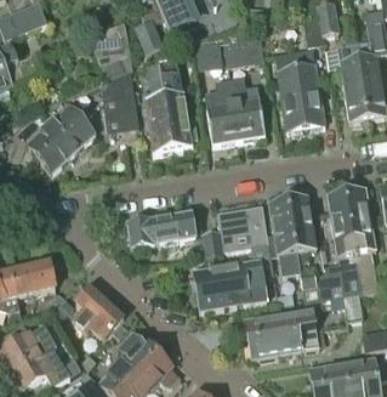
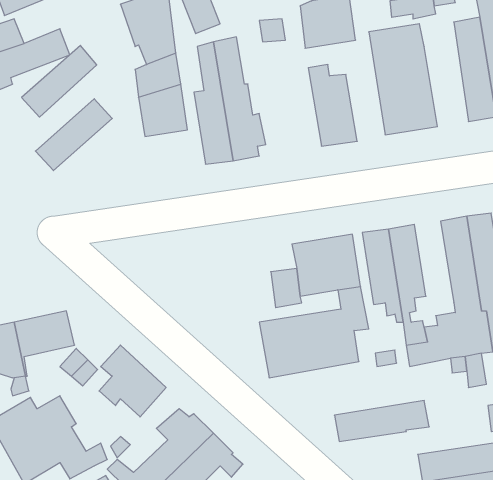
building: [205,80,239,143] -> none
building: [40,118,96,171] -> [22,45,97,117]
building: [127,211,195,248] -> none
building: [245,308,315,339] -> none

